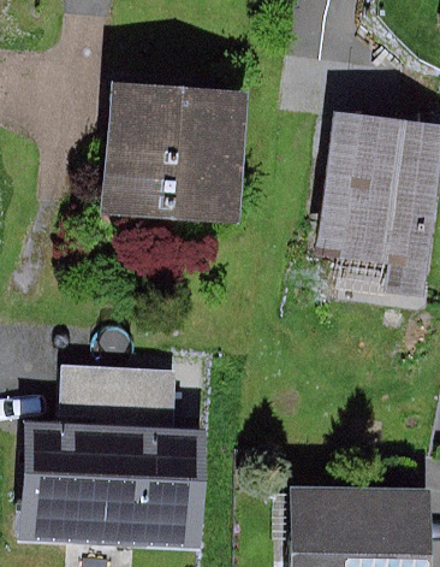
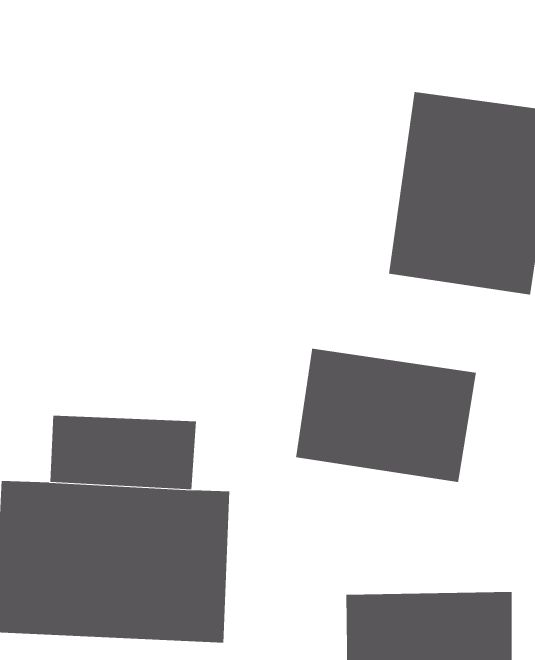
building: [106,101,249,220] -> none
building: none -> [295,348,476,483]

